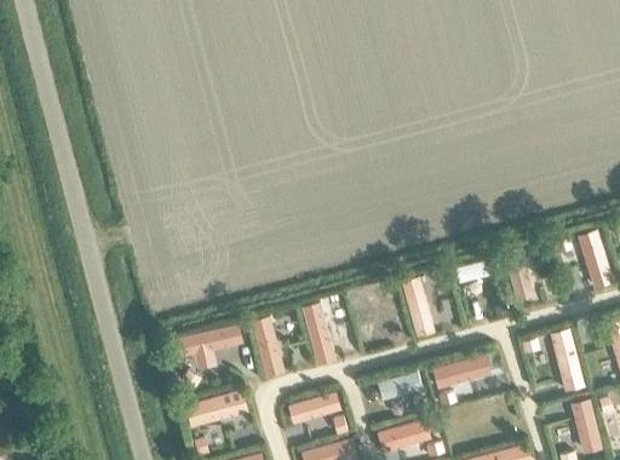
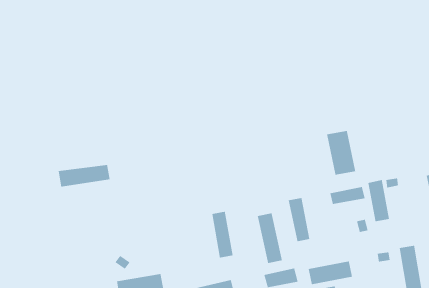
building: none -> [327,130,356,176]
building: none -> [257,212,283,264]
building: [251,316,285,375] -> none
building: [174,323,243,357] -> [58,165,110,187]

